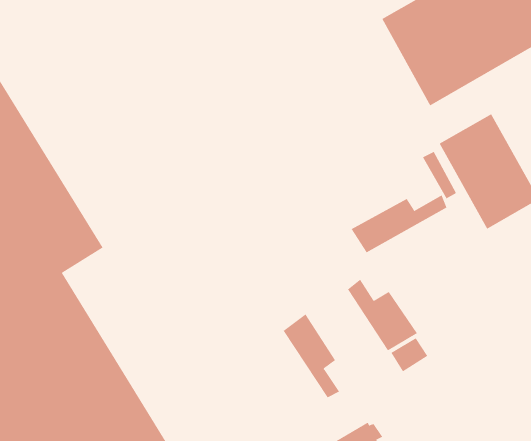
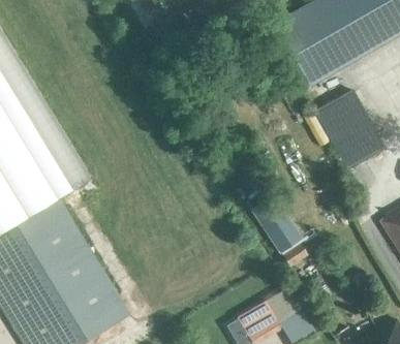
building: [351,195,447,253] -> none
building: [283,313,340,398] -> none

